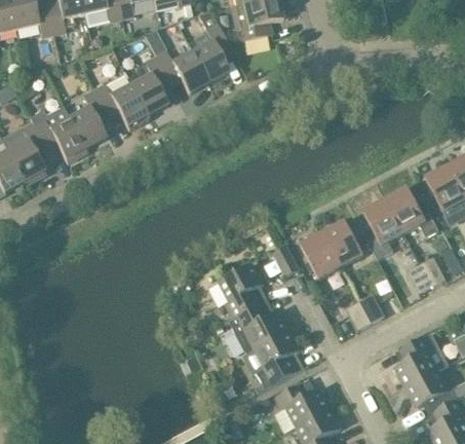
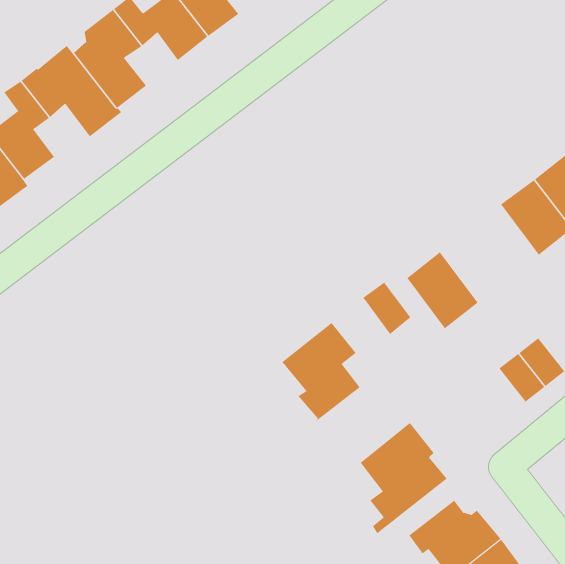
building: [322,221,362,267] -> none
building: [228,305,287,355] -> none

